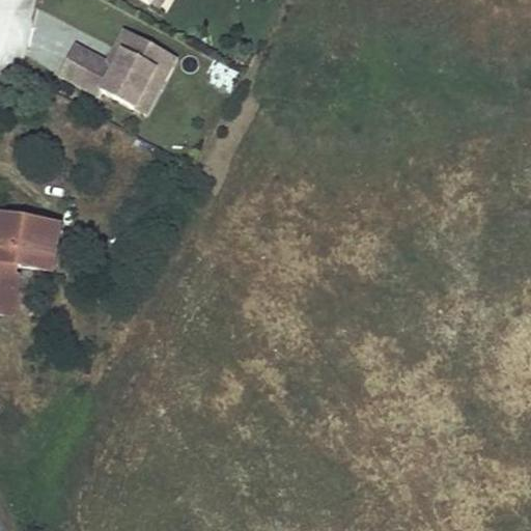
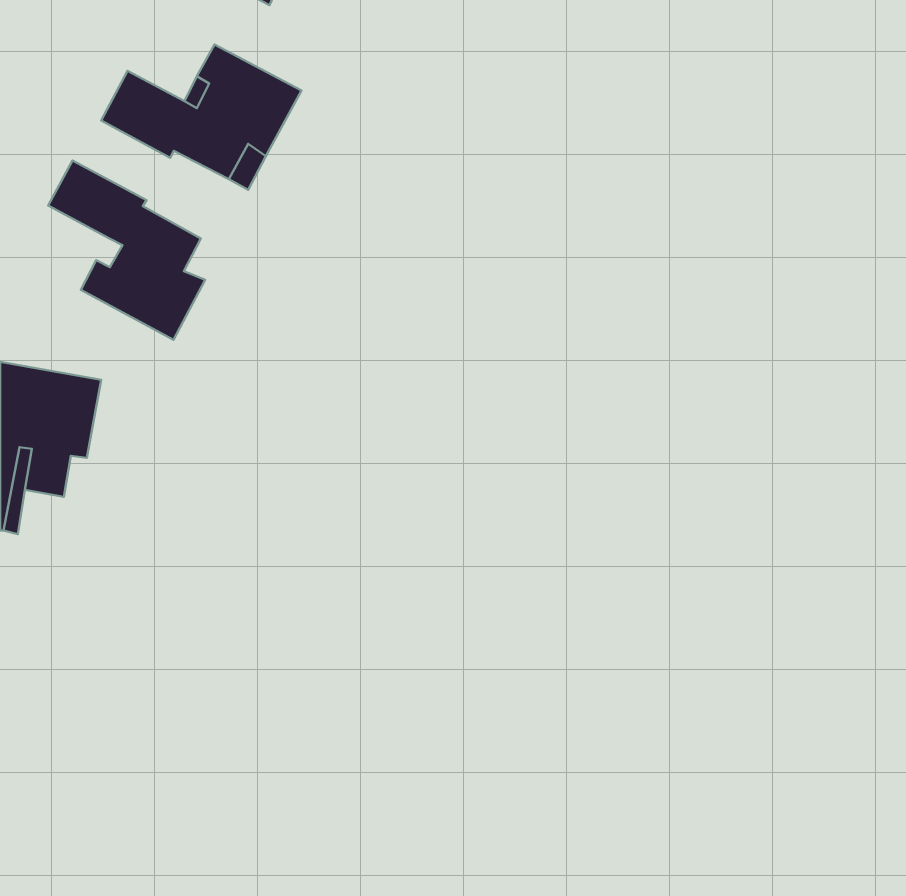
building: none -> [48,161,205,340]

